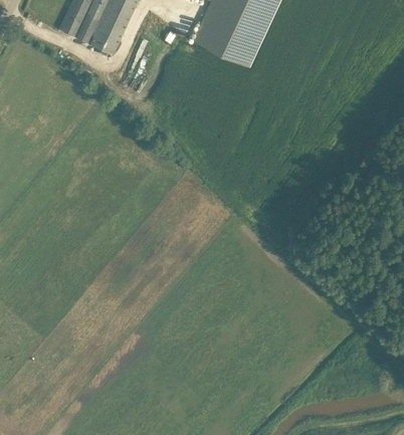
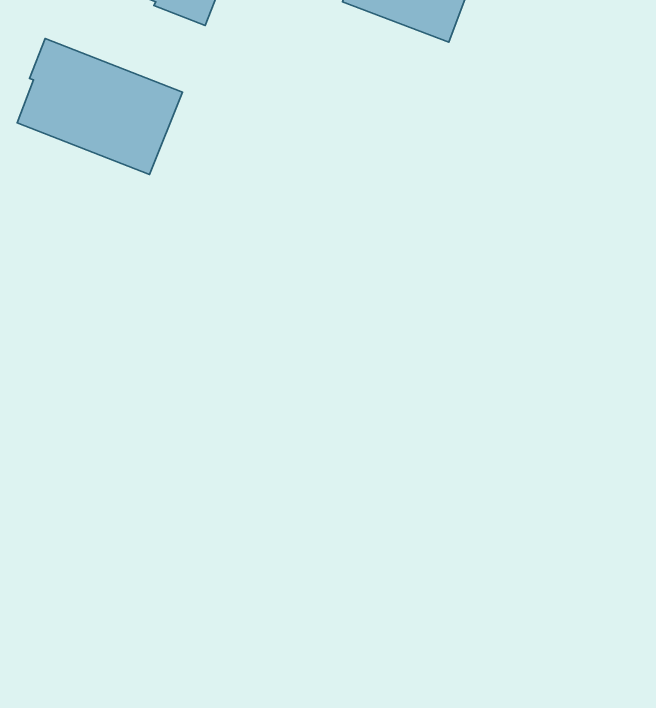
building: none -> [17,39,183,174]

